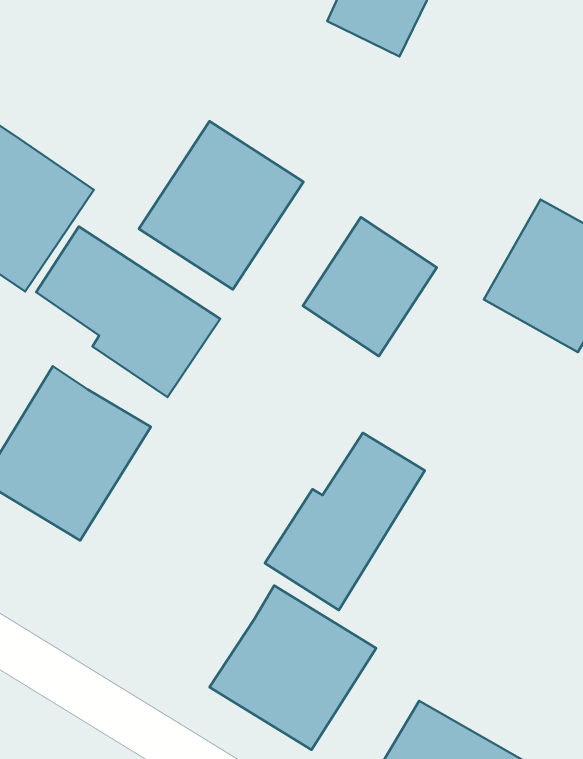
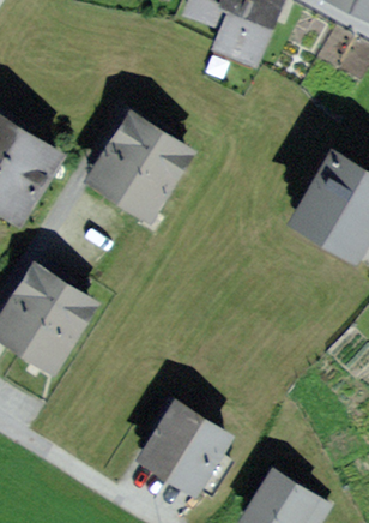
building: [303,217,437,356] -> none
building: [36,226,220,397] -> none
building: [265,433,425,610] -> none

